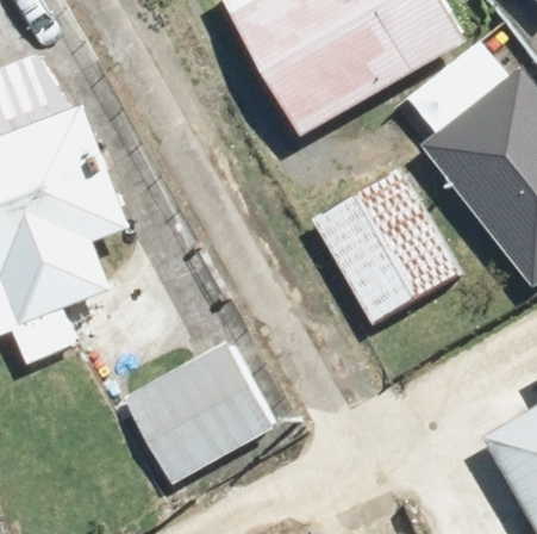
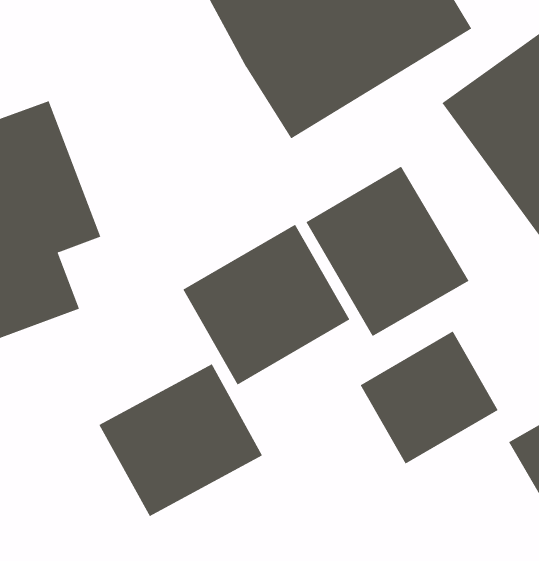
building: none -> [183,224,350,385]
building: none -> [360,331,499,464]

